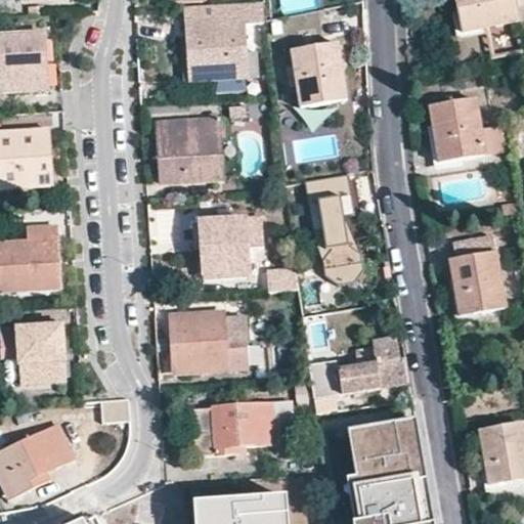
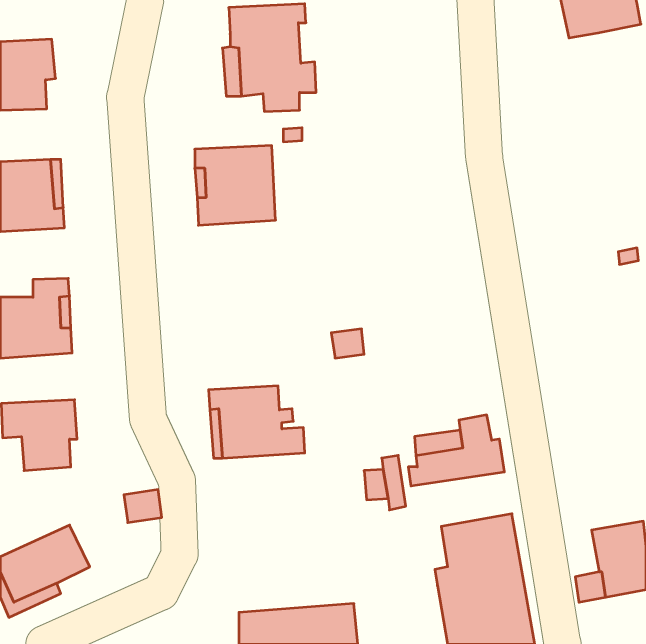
building: [293,43,346,105] -> none
building: [429,97,484,162] -> none
building: [306,173,363,283] -> none
building: [199,218,261,275] -> none
building: [449,235,503,315] -> none
building: [192,400,293,455] -> none

